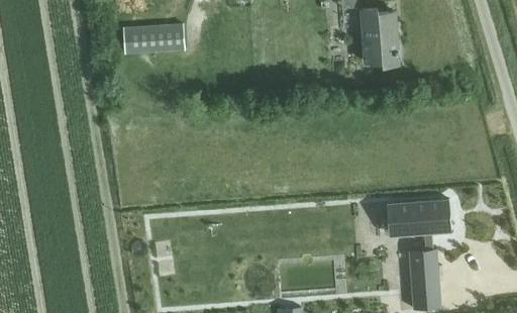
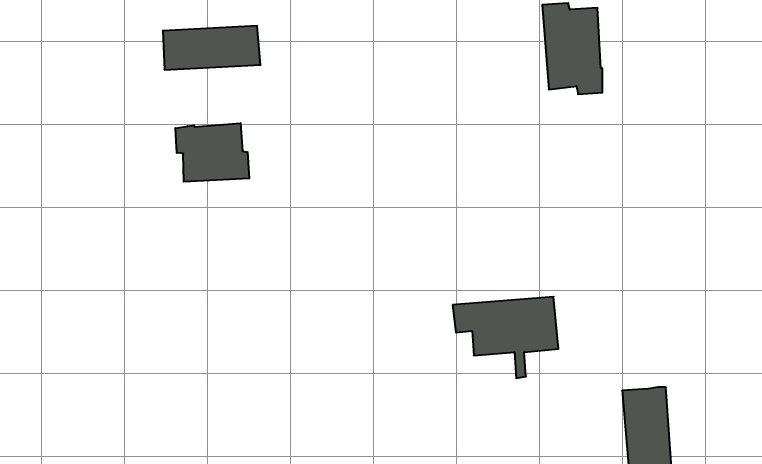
building: none -> [175,123,249,182]
building: [386,200,451,250] -> [453,297,558,378]

